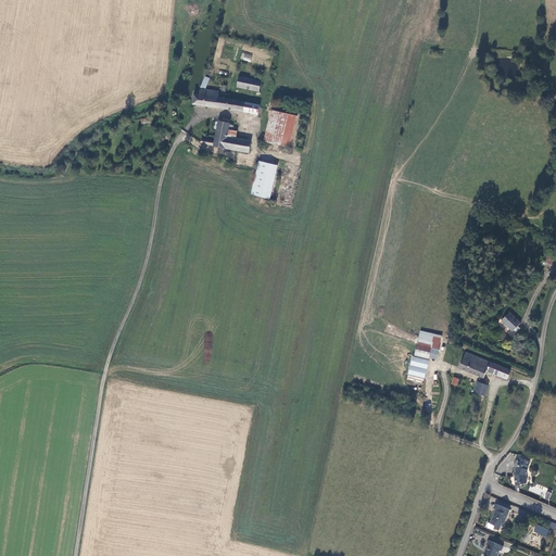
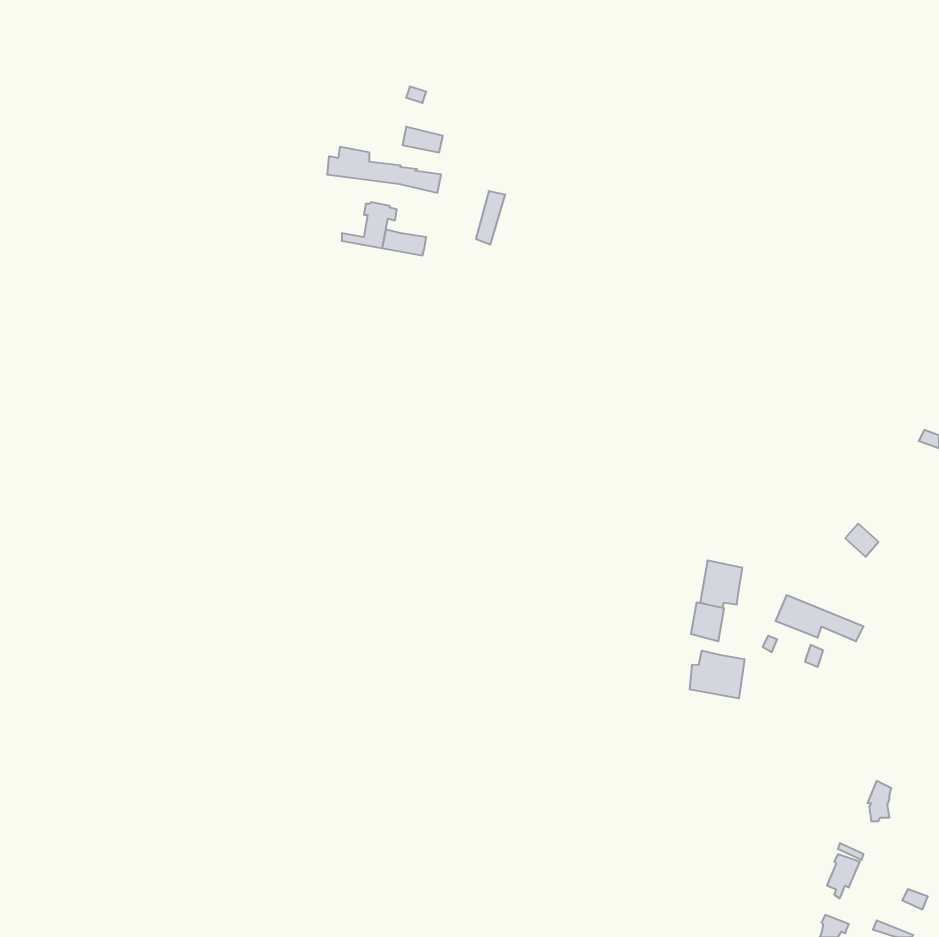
building: [266,109,289,141] -> none
building: [254,161,278,198] -> none
building: none -> [690,651,744,698]

